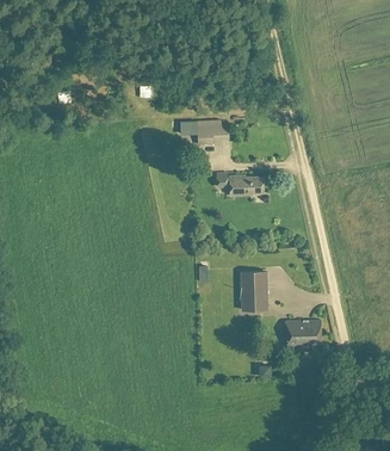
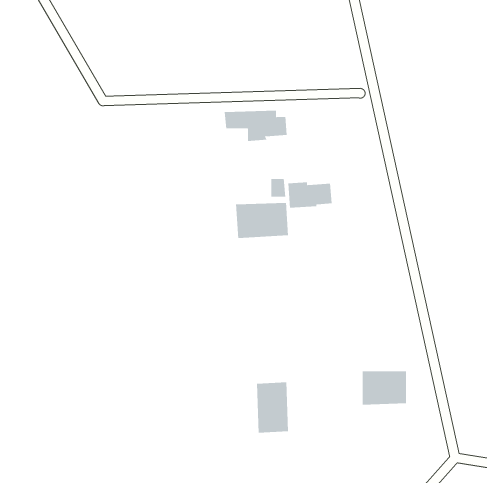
building: none -> [235,202,289,239]
building: [241,270,266,309] -> [256,382,289,433]

